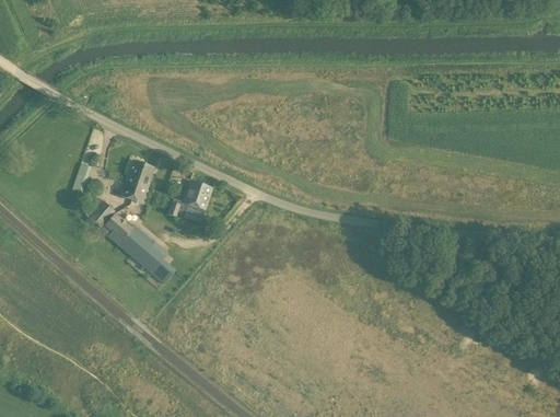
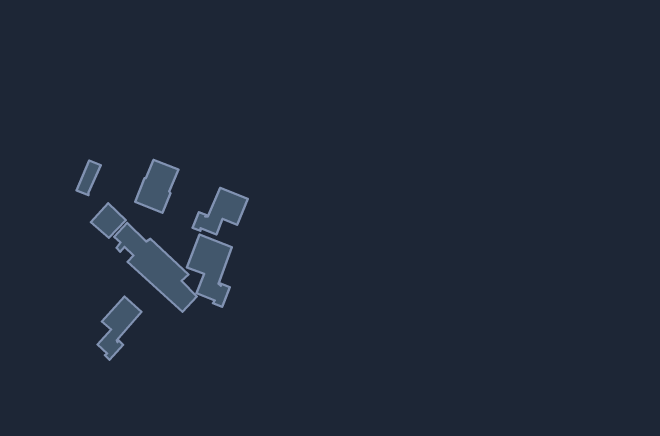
building: none -> [187,234,232,307]
building: none -> [98,296,142,360]

